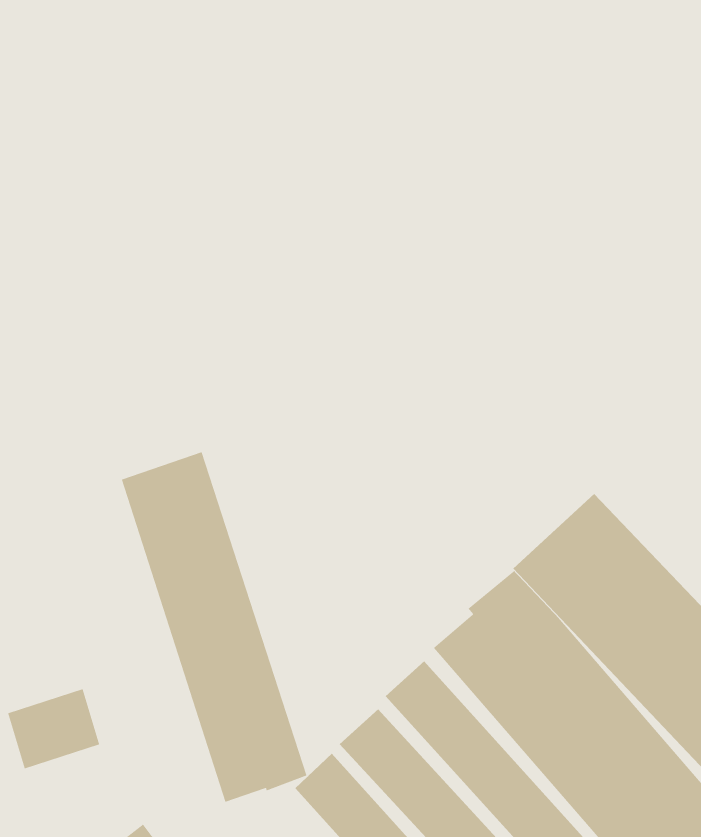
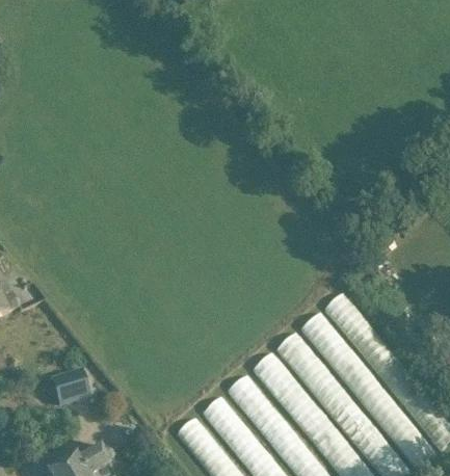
building: [121,451,307,803] -> none

